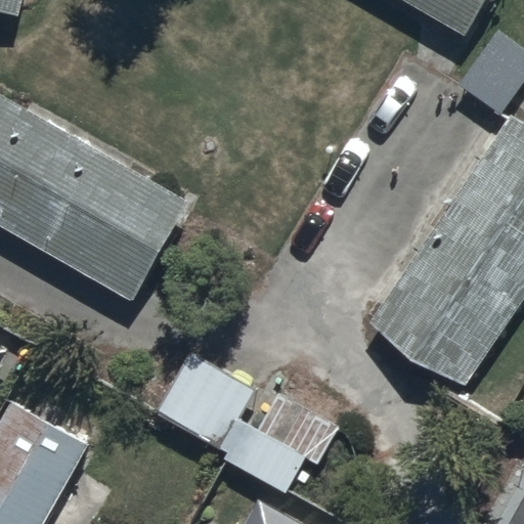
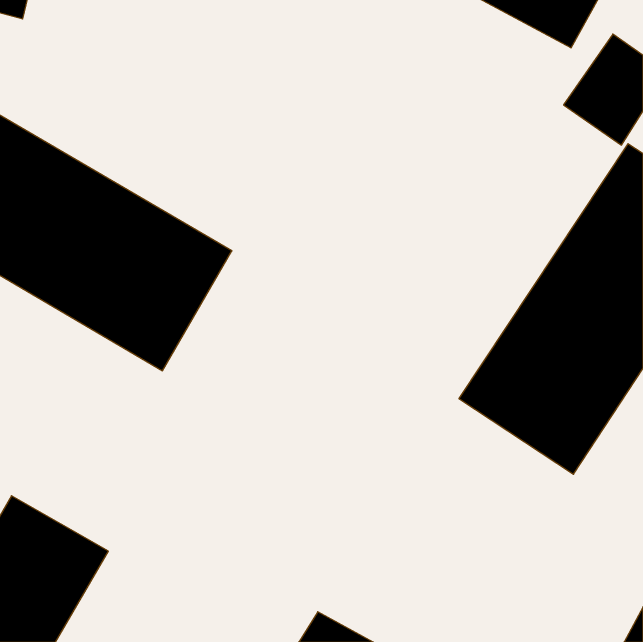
building: [158,351,336,492] -> none

